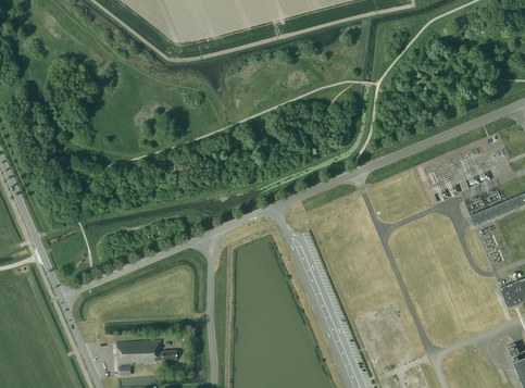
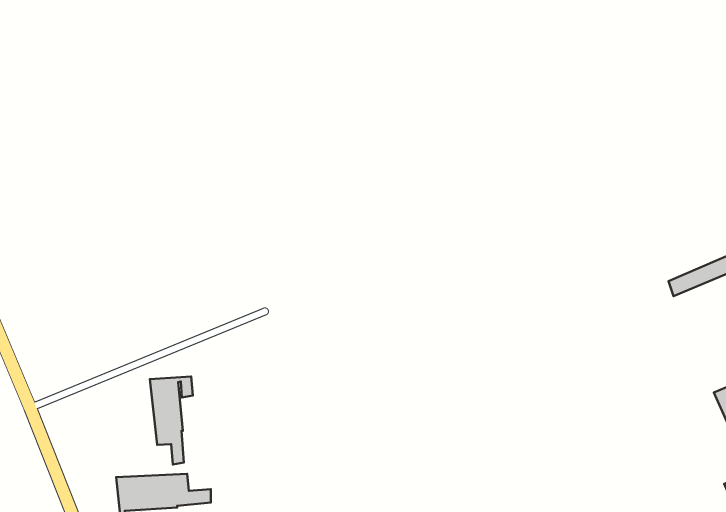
building: none -> [150,377,193,464]

